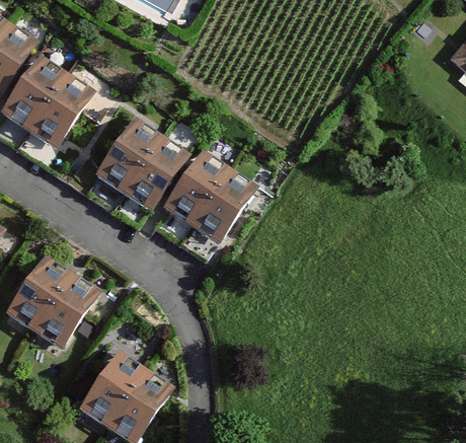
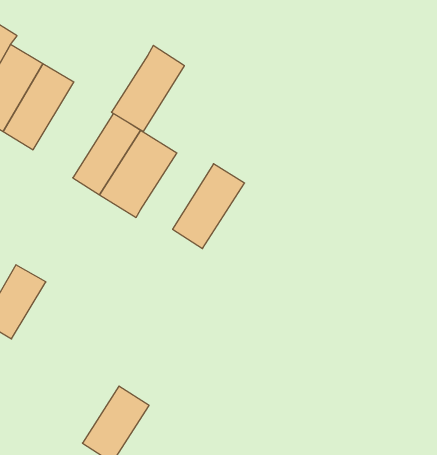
building: [158,144,227,225] -> [111,45,184,131]
building: [36,275,96,345] -> none
building: [78,358,138,427] -> none

